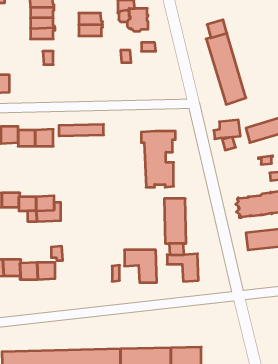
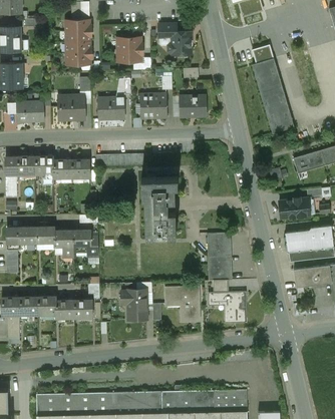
building: none -> [140,94,166,118]
building: none -> [58,95,85,120]
building: none -> [179,95,206,116]
building: none -> [99,97,125,119]
building: [214,120,240,139] -> [282,197,310,218]
building: [141,131,175,187] -> [141,177,178,237]
building: none -> [128,289,146,319]

